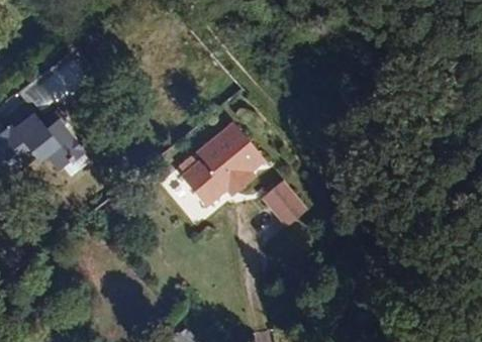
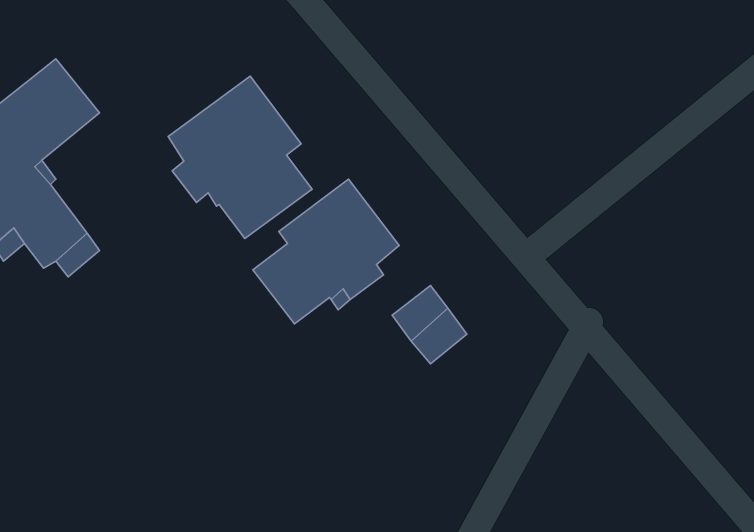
building: none -> [168,76,312,239]

